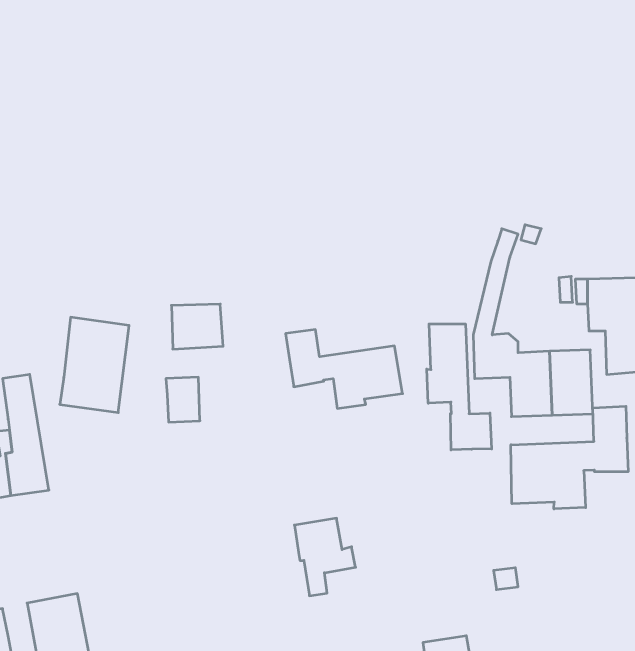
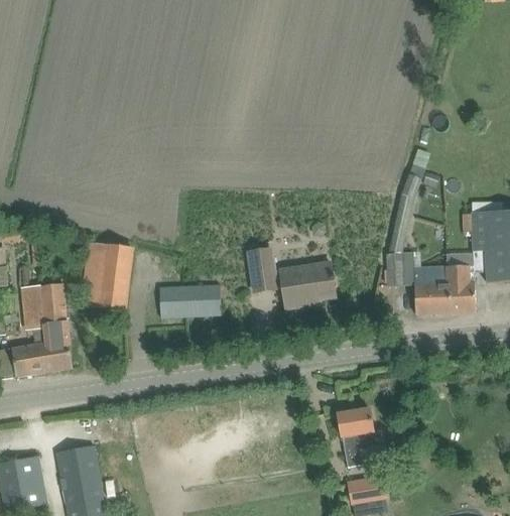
building: [171,304,223,349] -> [183,284,222,317]
building: [427,324,492,450] -> none
building: [511,406,628,509] -> none
building: [294,518,356,596] -> [338,409,383,467]

